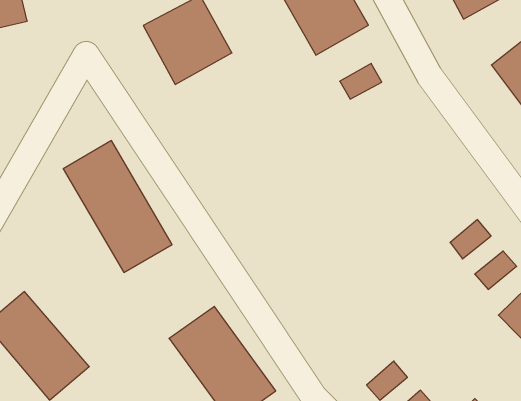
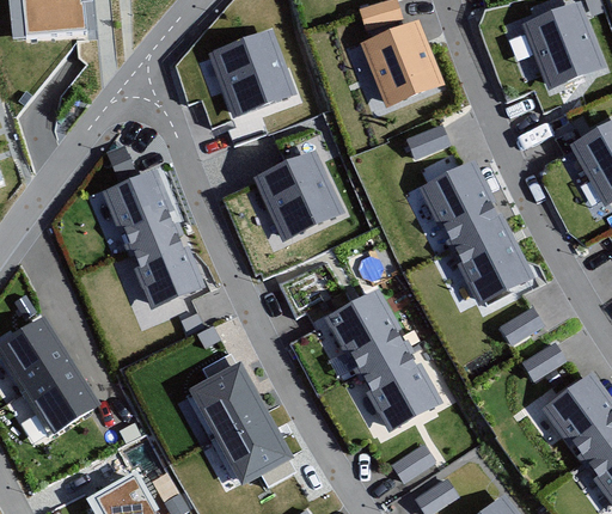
building: none -> [417,160,533,307]
building: none -> [251,149,342,243]
building: none -> [323,288,441,434]

